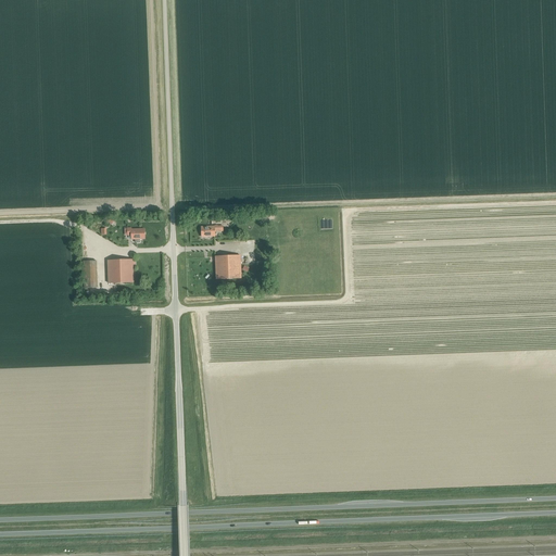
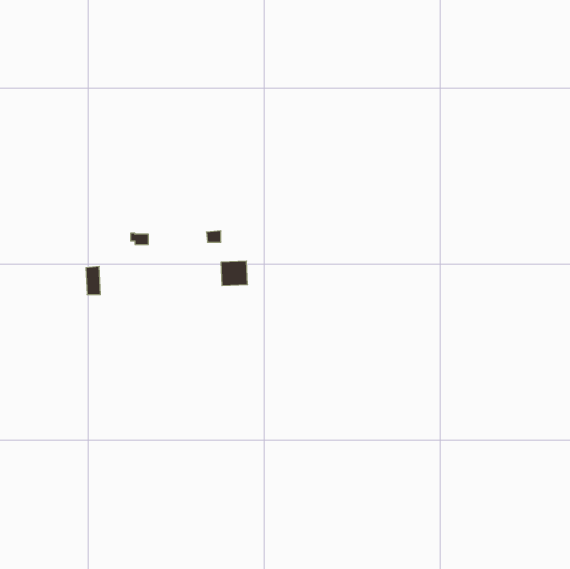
building: [108,258,134,282] -> none

